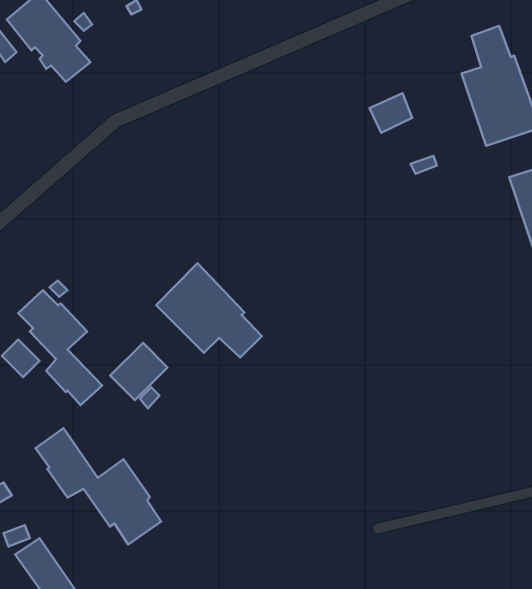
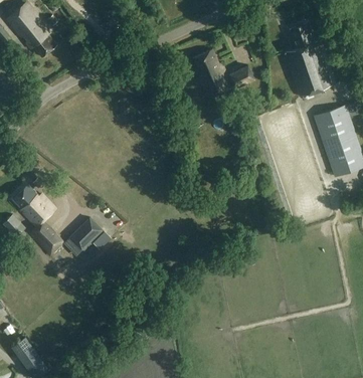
building: none -> [193,48,232,98]
building: [156,263,262,358] -> none
building: [35,428,161,545] -> none

